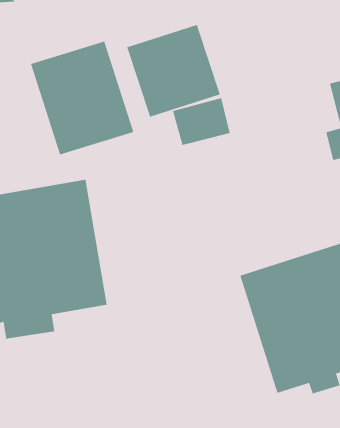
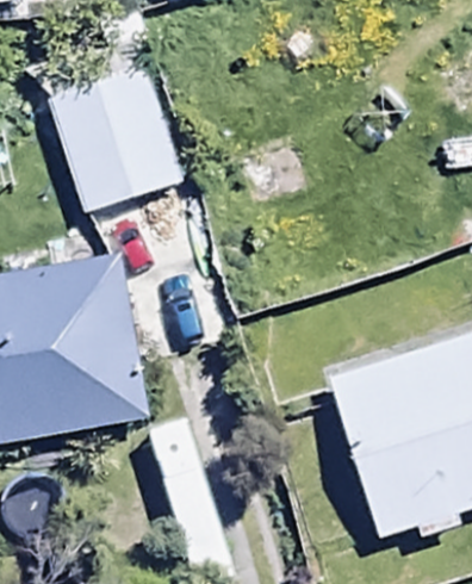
building: [127,24,220,118] -> none

